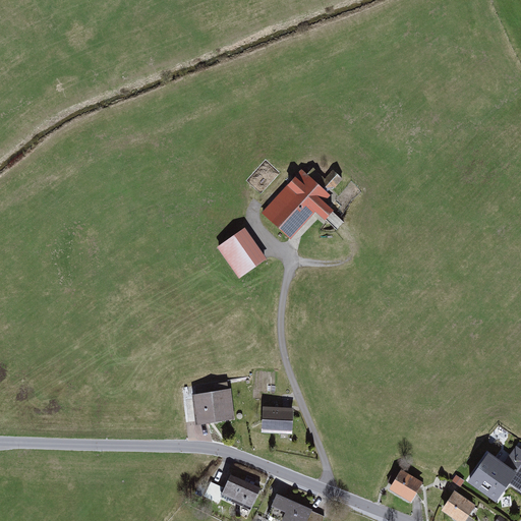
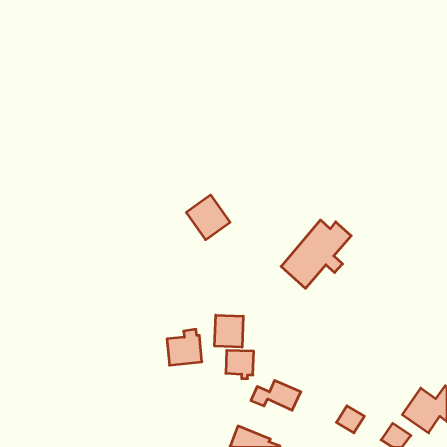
building: [262,160,343,239] -> [281,220,351,288]
building: none -> [215,315,243,347]
building: [202,474,260,509] -> [251,380,301,410]

